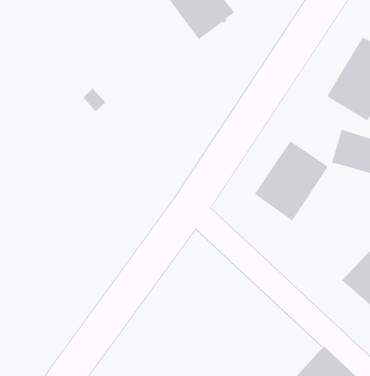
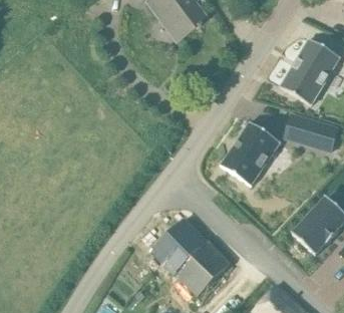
building: none -> [151,217,230,294]

